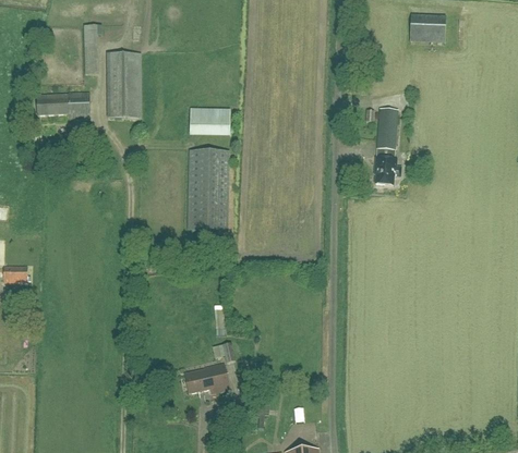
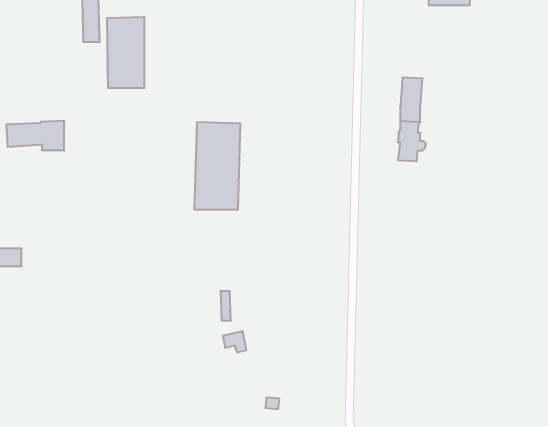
building: [36,90,89,118] -> [6,121,64,150]
building: [191,108,231,135] -> none
building: [183,362,229,392] -> none

